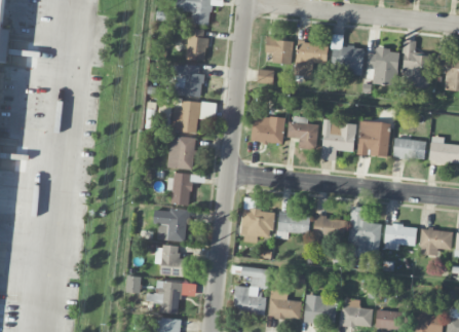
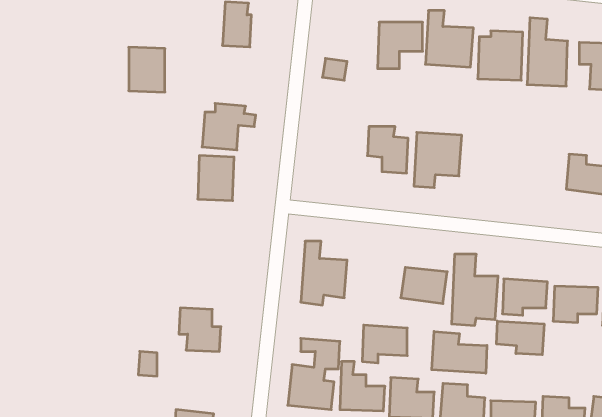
building: [265,37,293,64] -> none
building: [175,64,200,96] -> [129,47,165,92]
building: [252,115,284,144] -> none
building: [358,121,389,156] -> none
building: [393,137,426,160] -> none
building: [171,173,191,205] -> none
building: [153,208,188,241] -> none
building: [277,212,309,238] -> [362,325,407,363]
building: none -> [497,321,544,355]
building: none -> [432,331,487,373]
building: [146,281,196,312] -> none

